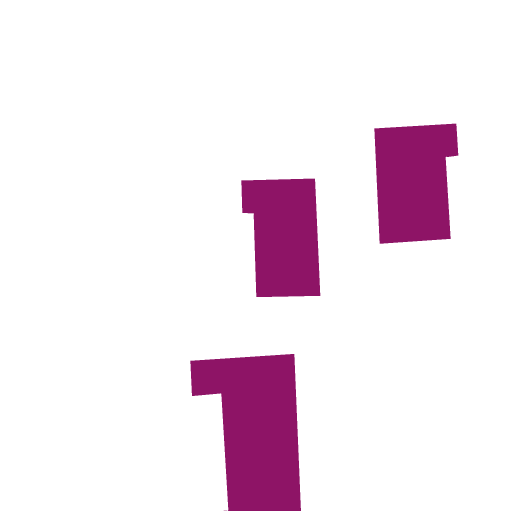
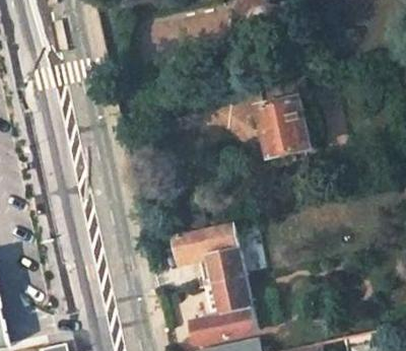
building: [241,178,321,298] -> none

